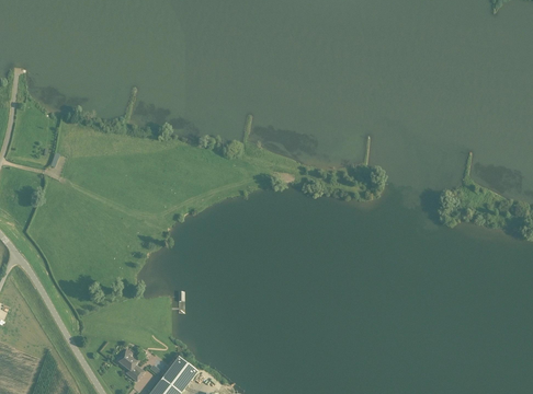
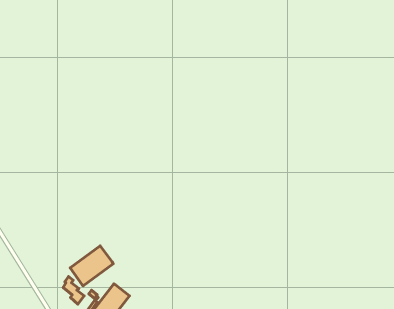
building: none -> [70,246,113,286]

